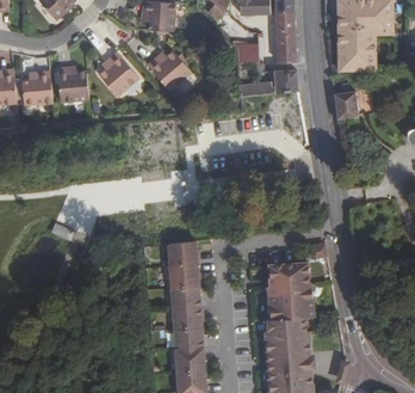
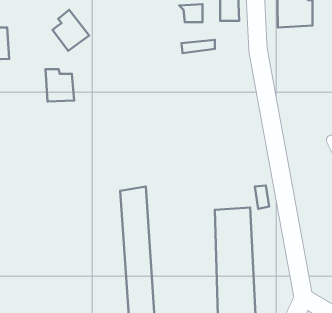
building: [144,51,187,91] -> none
building: [56,67,87,102] -> [45,69,74,101]
building: [274,69,298,92] -> none
building: [333,92,358,119] -> none

